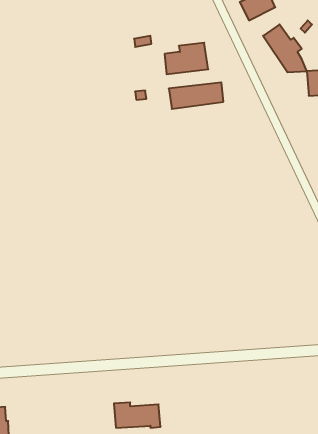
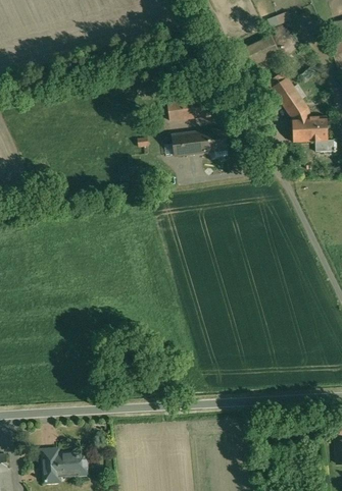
building: none -> [291,118,312,144]
building: [114,402,161,428] -> [42,449,89,475]

